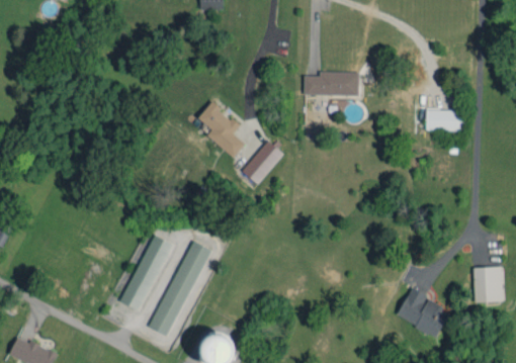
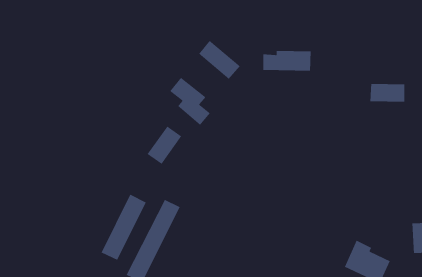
building: none -> [198,40,241,80]
building: [242,141,282,185] -> [147,126,182,165]

